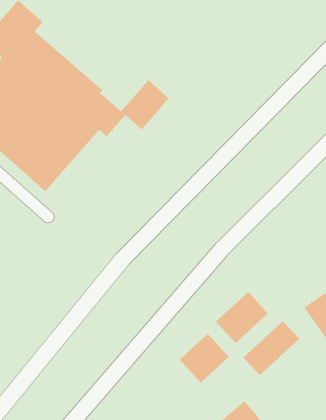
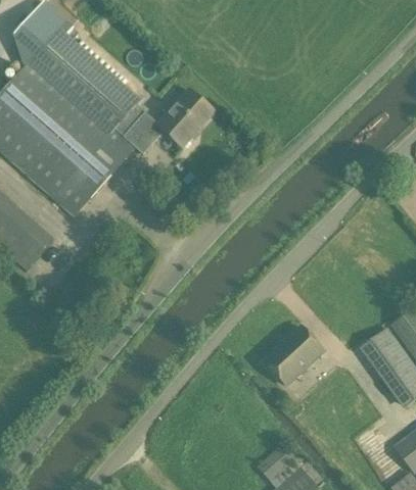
building: [243,320,300,376] -> none
building: [179,333,230,383] -> none

